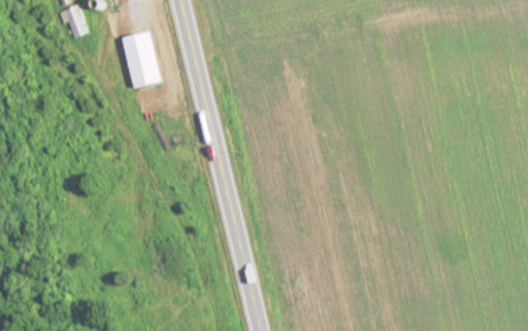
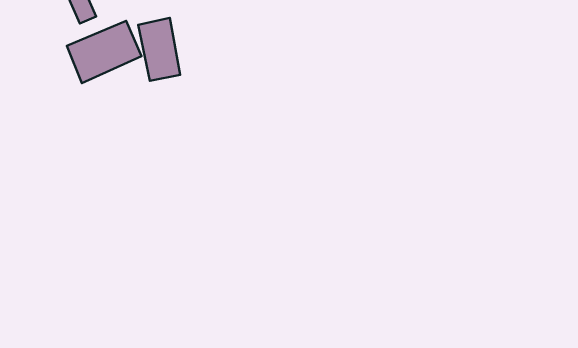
building: none -> [67,21,142,83]

